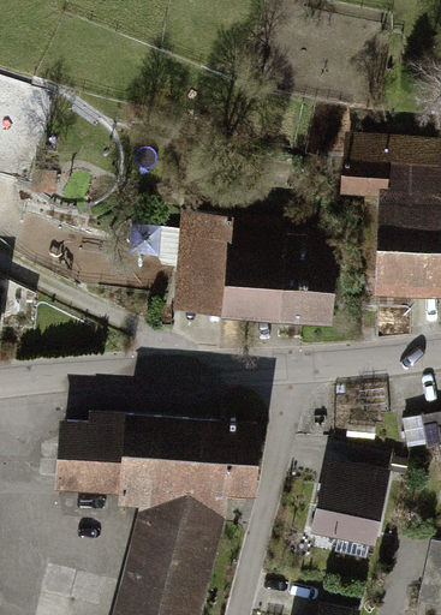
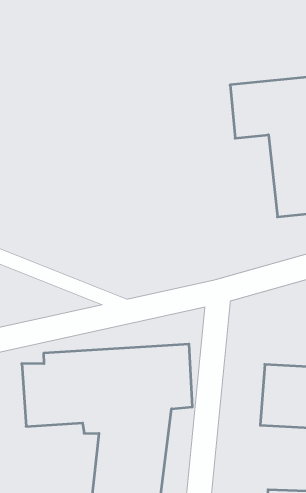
building: [168,214,335,323] -> none

